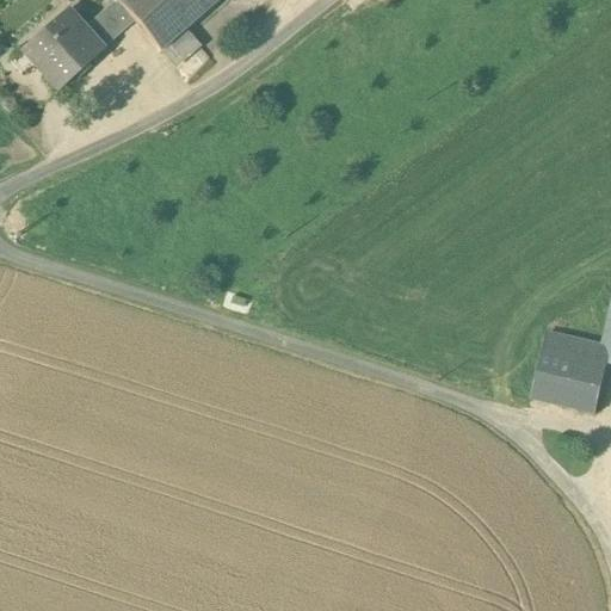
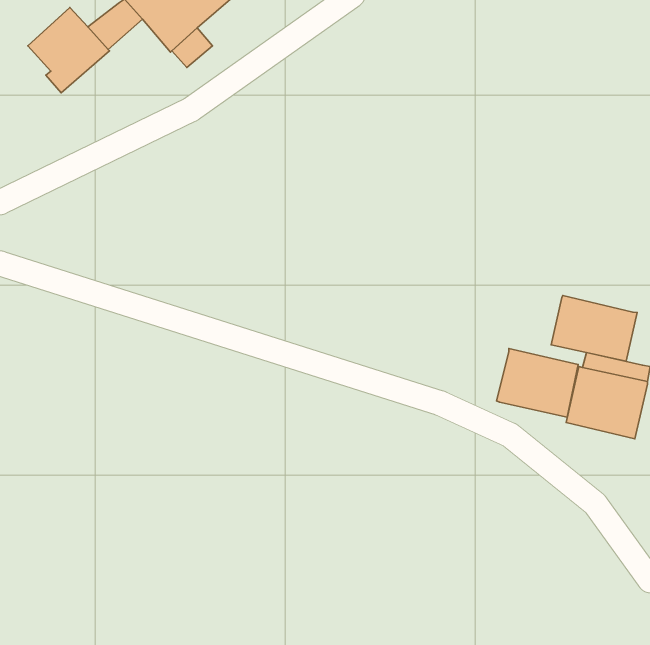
building: none -> [551,295,637,361]
building: none -> [497,349,578,417]

